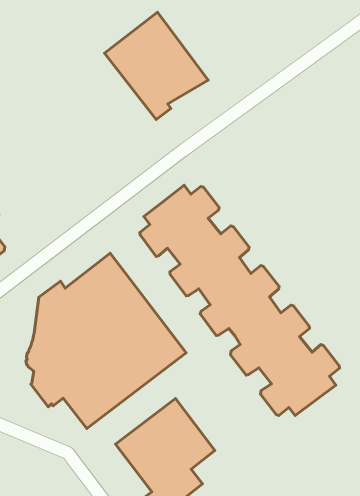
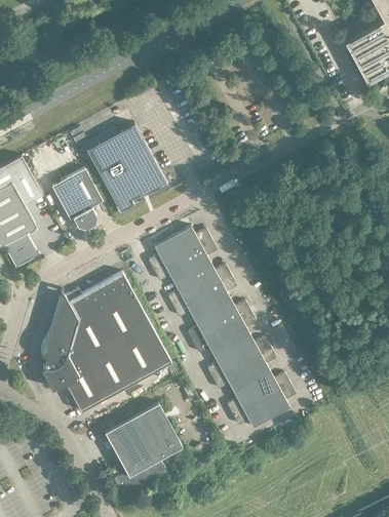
building: [105,12,208,120] -> [86,123,167,210]
building: none -> [51,168,103,230]

